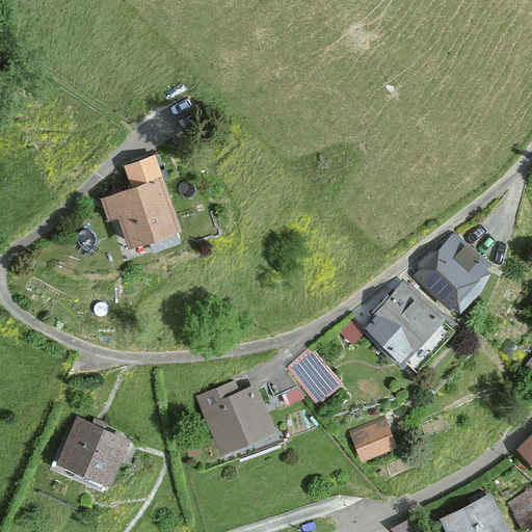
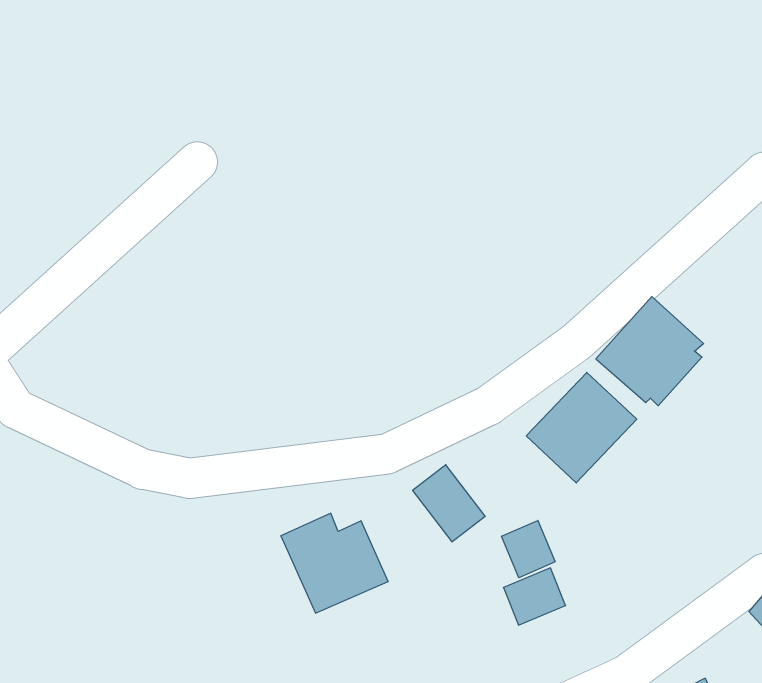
building: [101,157,177,246] -> none
building: none -> [502,520,555,578]
building: [56,420,126,484] -> none

